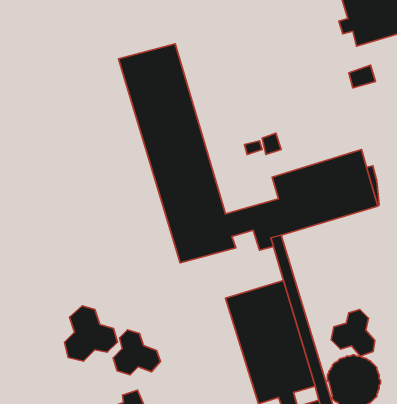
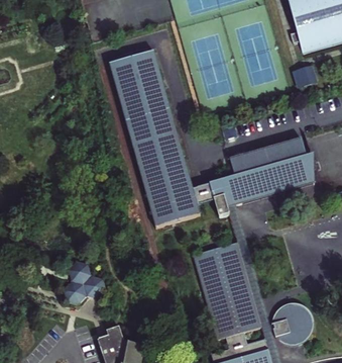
building: [331,309,375,356] -> none
building: [113,330,160,375] -> none

